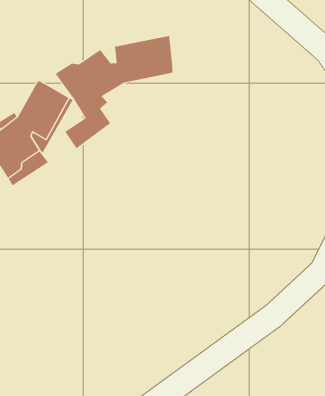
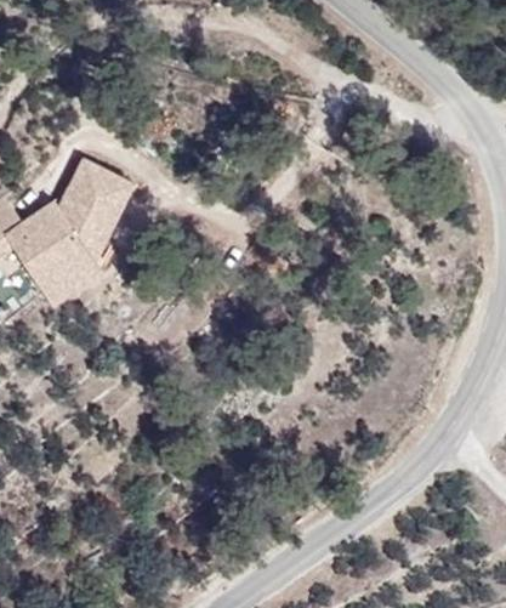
building: [55,35,173,149] -> none

